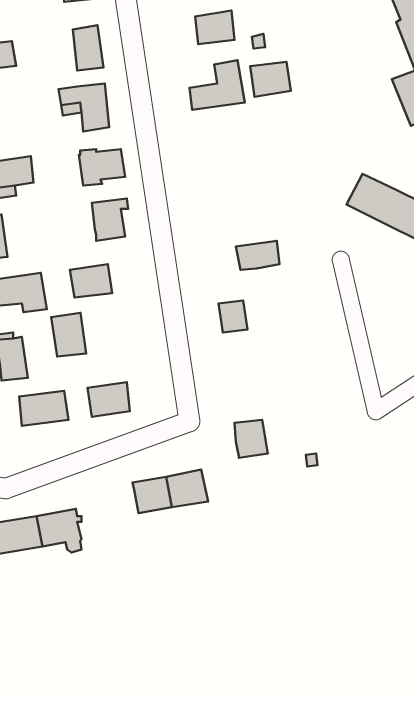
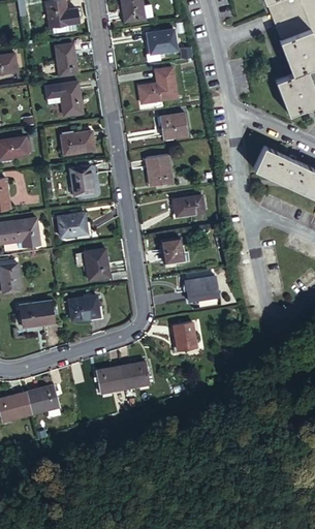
building: [250,62,291,97] -> [161,116,190,141]
building: none -> [144,157,168,188]
building: [51,313,86,357] -> [83,249,107,280]
building: none -> [184,279,216,303]

